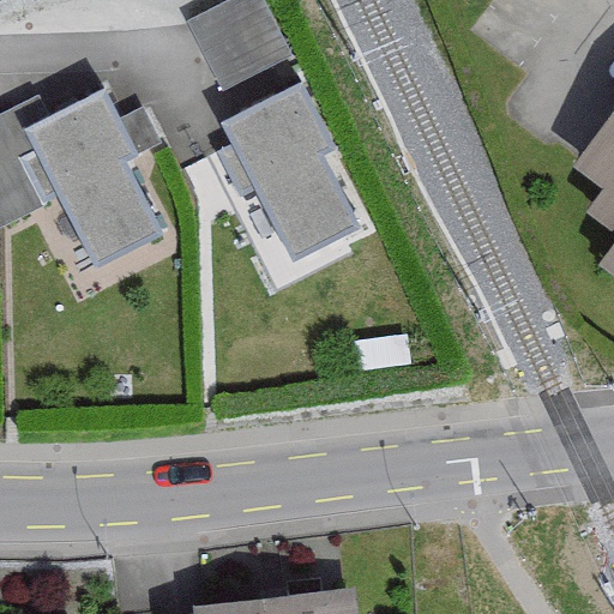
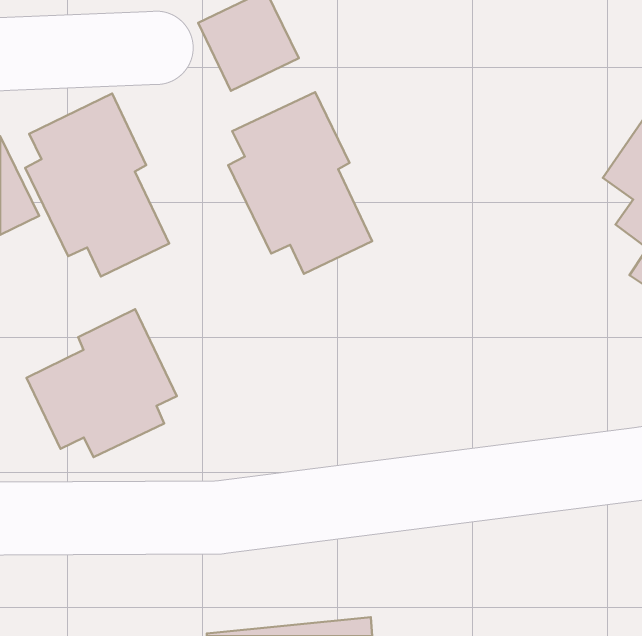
building: none -> [26,309,177,457]

